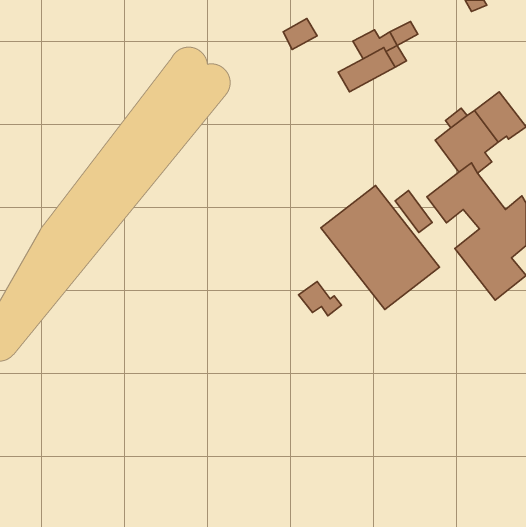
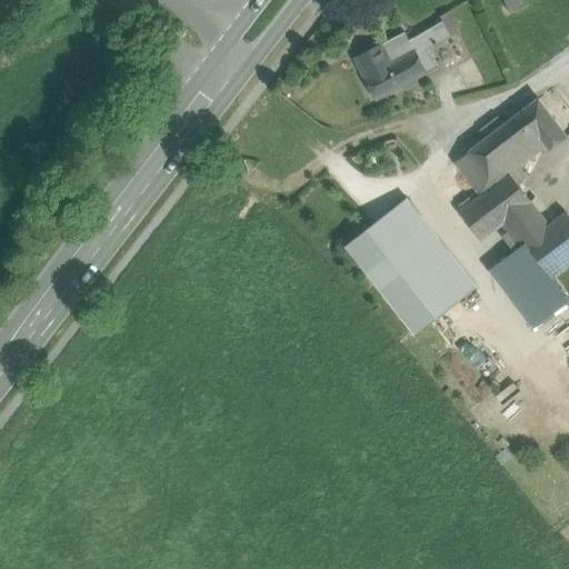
building: [283,18,317,49] -> [355,44,391,78]
building: [395,190,432,233] -> [455,151,495,197]
building: [299,281,341,316] -> none

